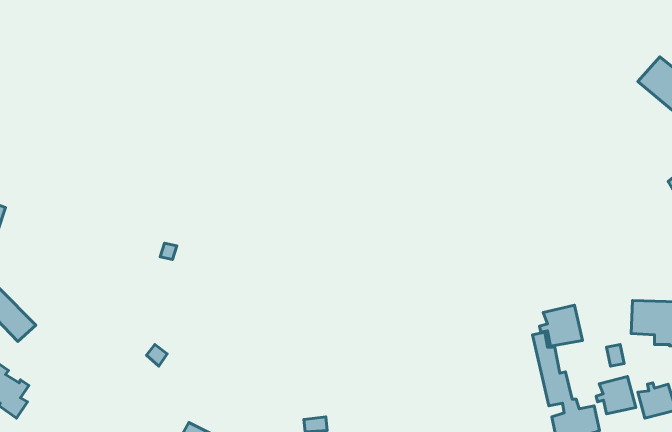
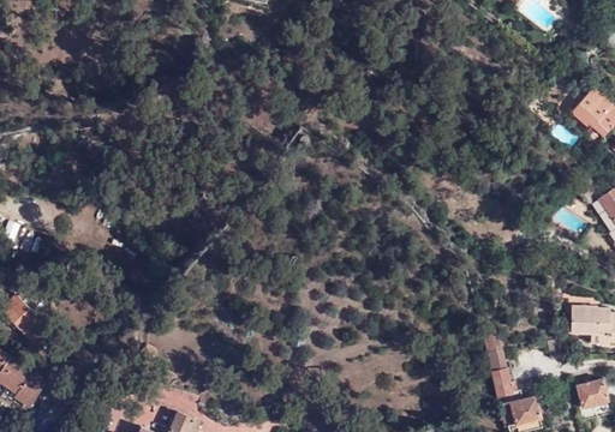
building: [539,305,582,346] -> none
building: [596,376,636,414] -> none

